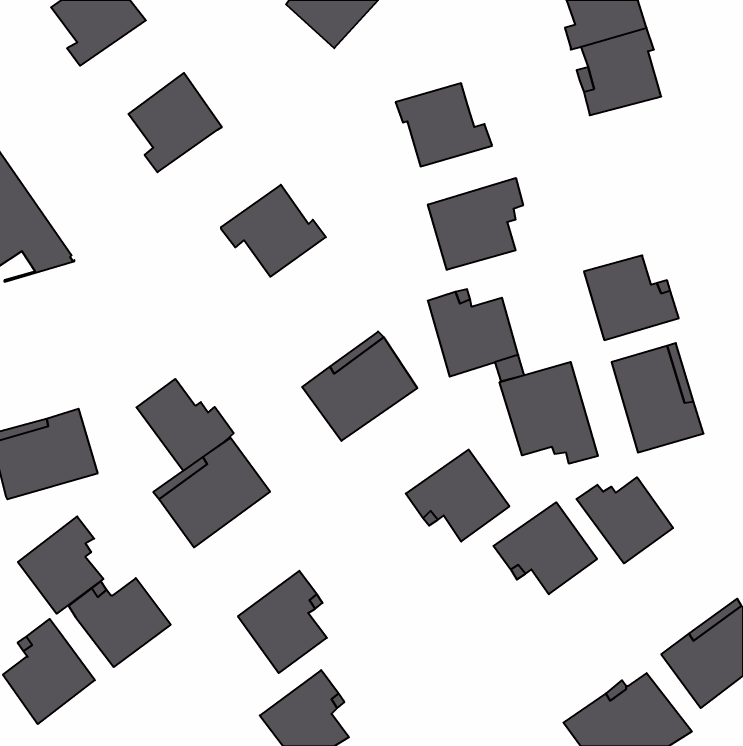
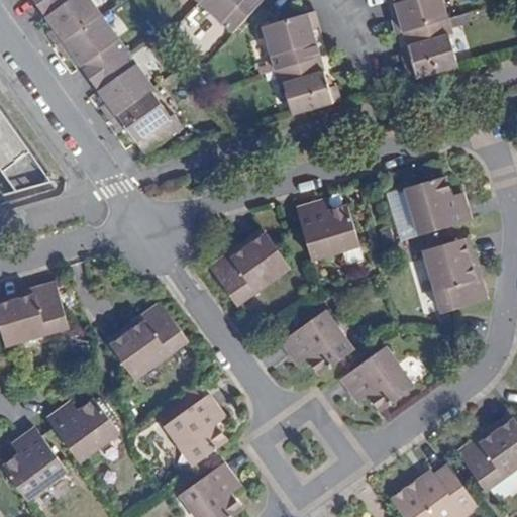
building: none -> [262,11,319,71]
building: none -> [56,14,127,79]
building: [428,178,523,270] -> none
building: [221,185,326,277] -> [109,90,182,153]
building: [500,362,598,464] -> none
building: [136,379,234,471] -> none
building: [576,477,673,563] -> none
building: [18,516,103,614] -> none

